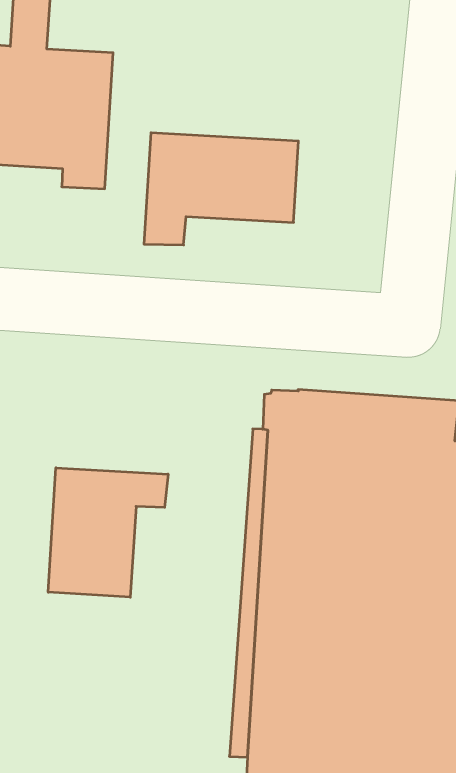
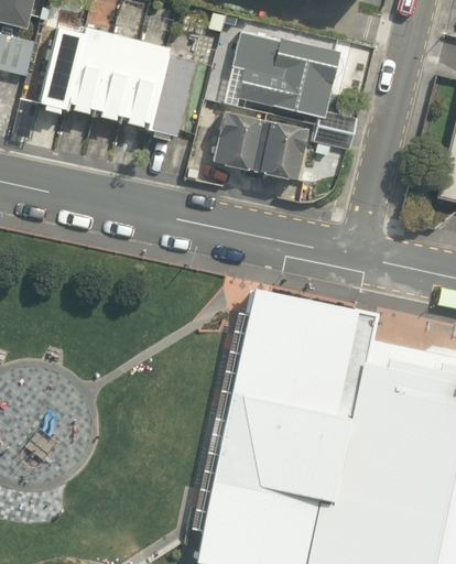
building: none -> [225,28,343,117]
building: [48,468,168,597] -> none

